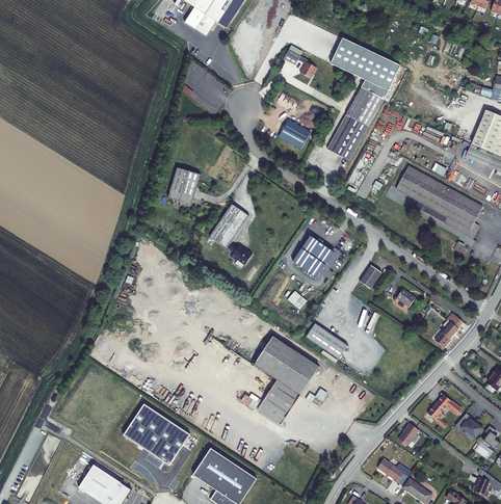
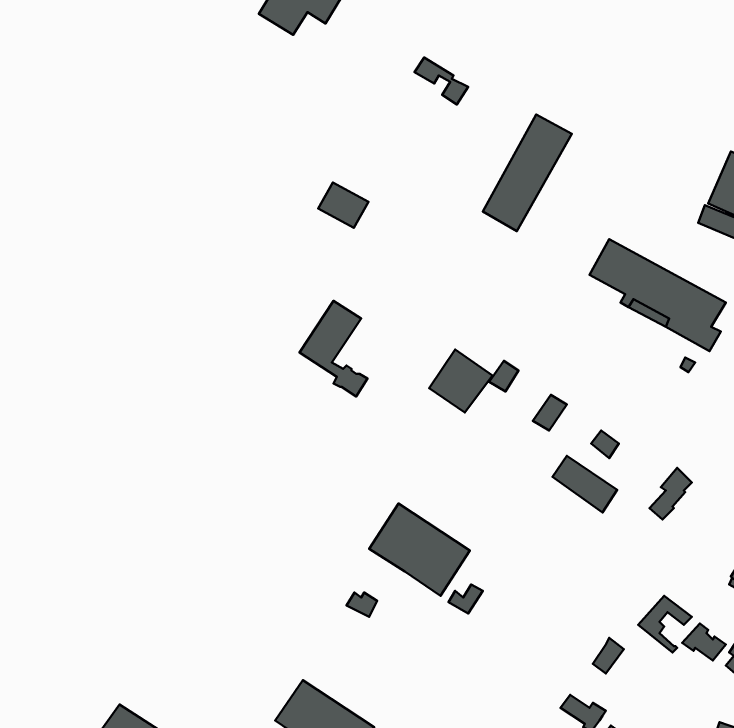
building: [331,36,400,98] -> none
building: [278,120,310,149] -> [318,183,368,228]
building: [168,167,201,204] -> none
building: [306,322,347,359] -> [552,456,617,513]
building: [257,378,299,424] -> none
building: [125,403,191,465] -> none

